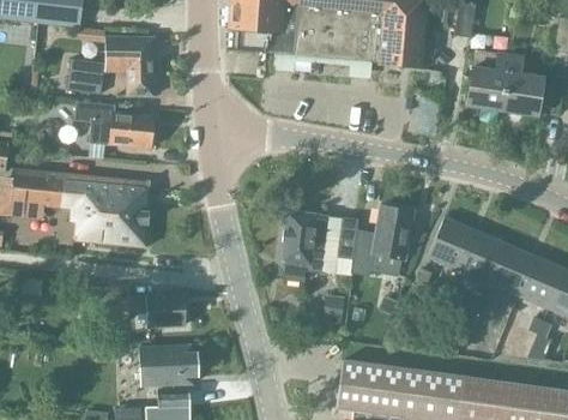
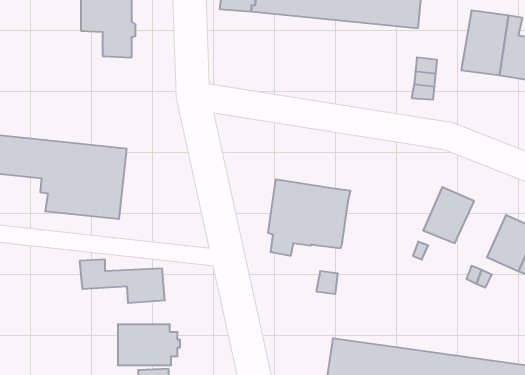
building: [67,59,104,94] -> none
building: [74,102,155,148] -> none
building: [351,204,415,276] -> none
building: [458,230,506,283] -> none

